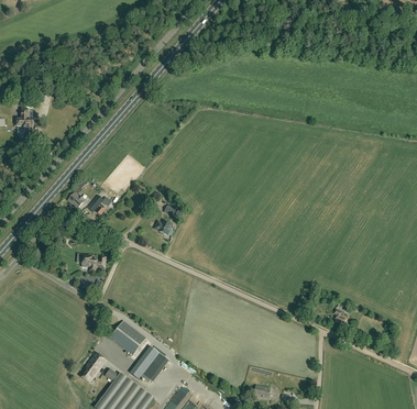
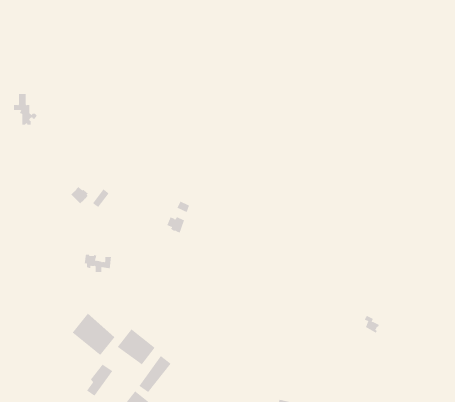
building: none -> [72,313,115,356]

